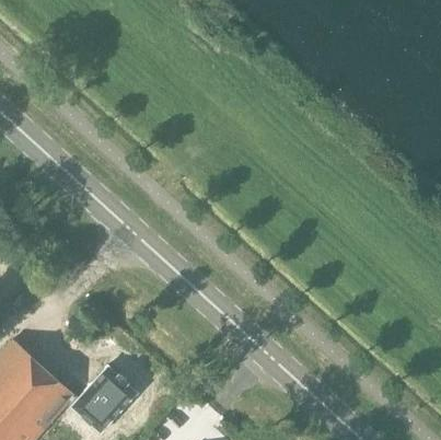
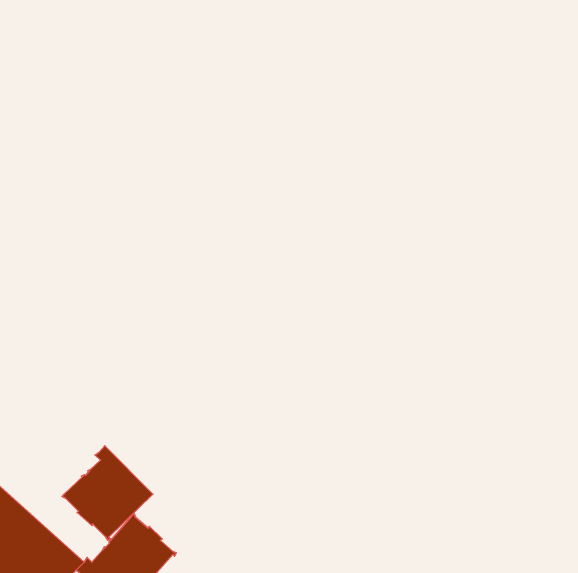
building: none -> [62,446,153,540]

